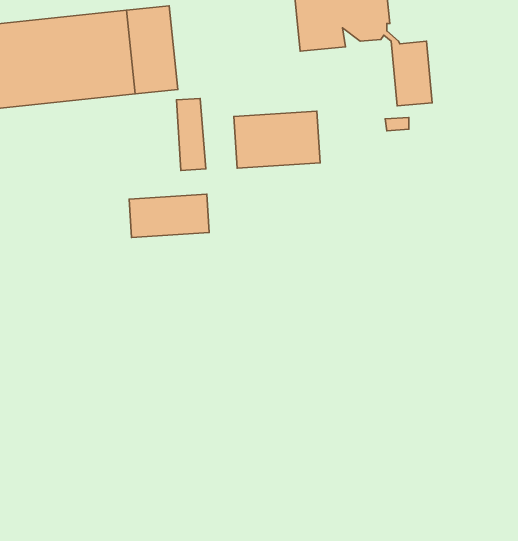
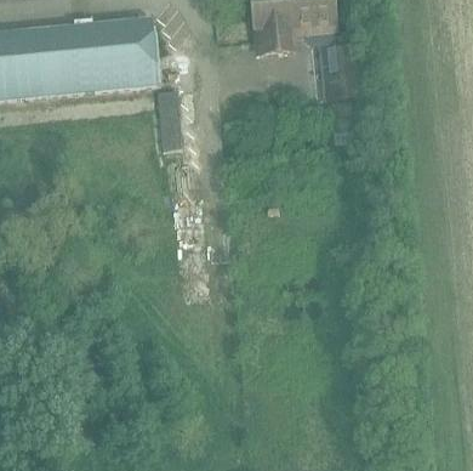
building: [234,111,320,168] -> none
building: [129,194,209,237] -> none

